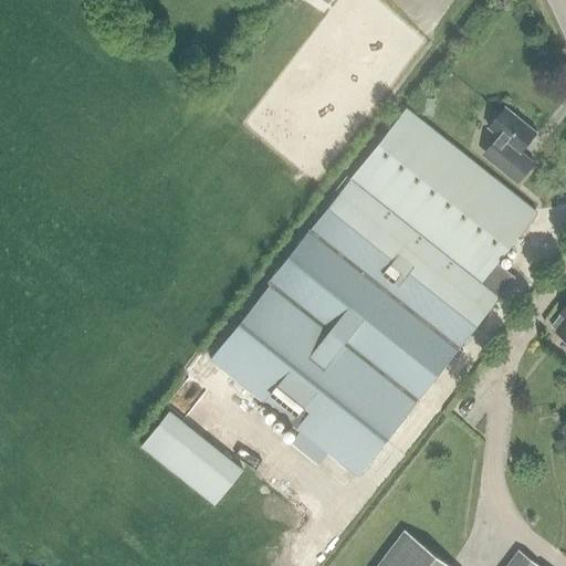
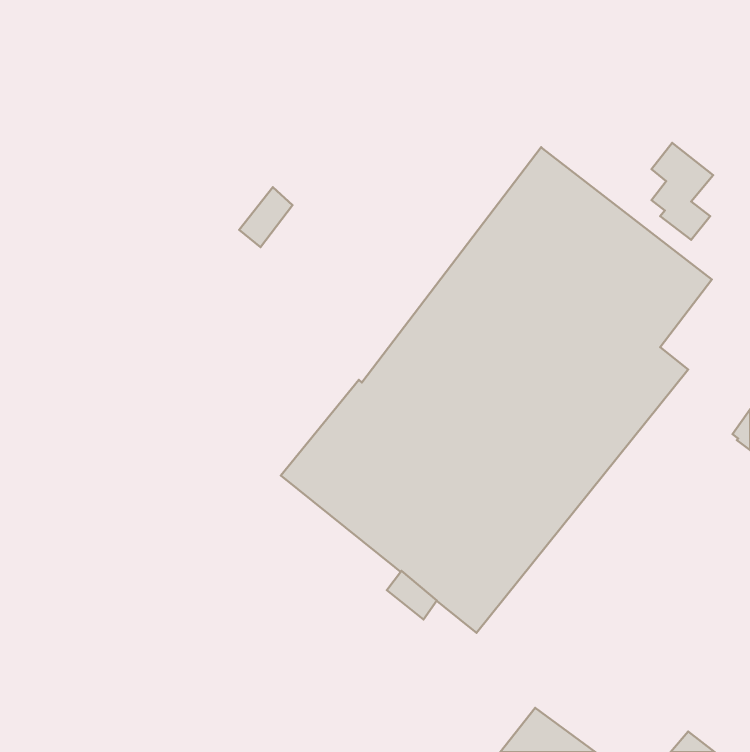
building: none -> [239,187,292,247]
building: [135,408,238,503] -> none

